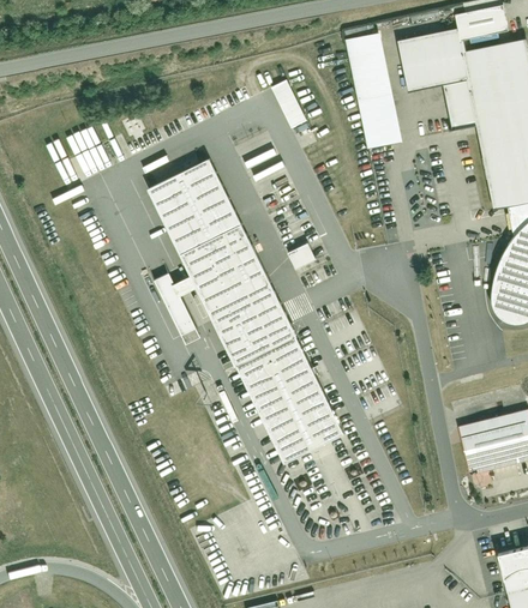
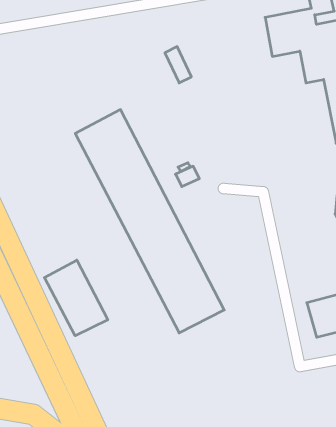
building: [346,30,404,146] -> none
building: none -> [44,260,108,336]

